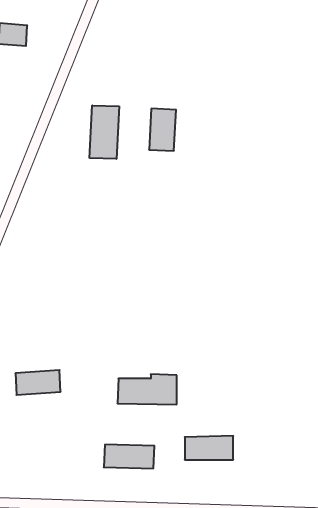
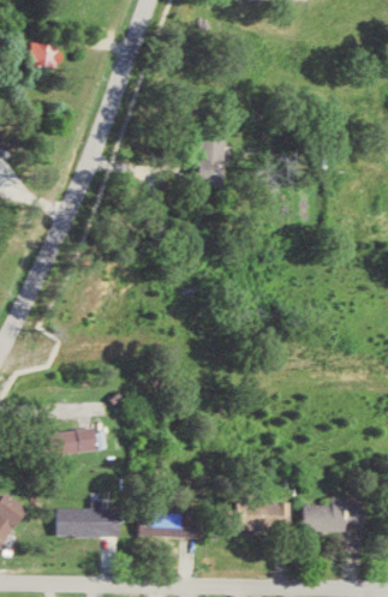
building: [90,105,119,159] -> none
building: [117,374,177,404] -> [55,505,121,538]
building: none -> [302,499,356,532]

